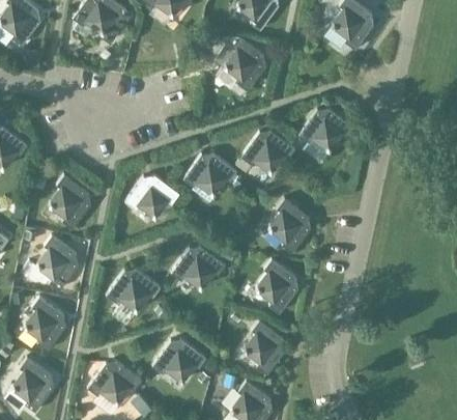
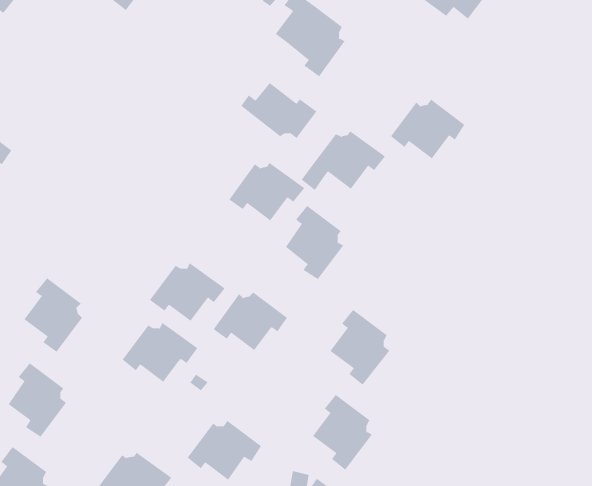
building: none -> [240,82,317,139]
building: [48,175,91,229] -> none
building: [124,175,179,218] -> [149,262,226,322]
building: [268,199,311,253] -> [285,205,344,280]

